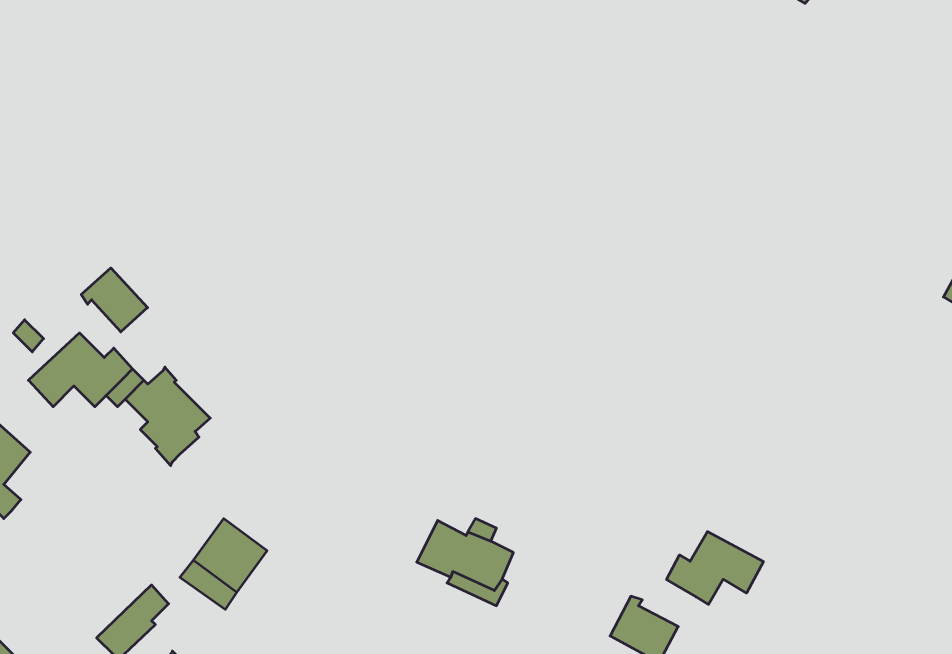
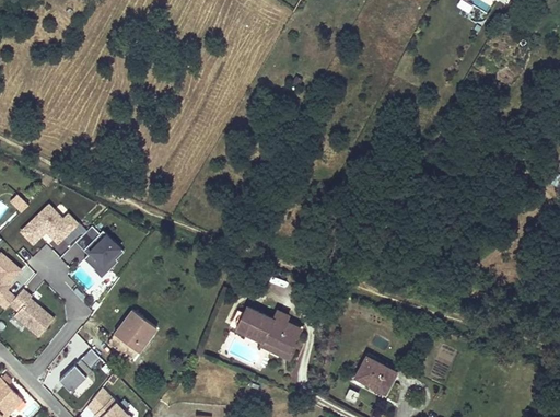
building: [81,268,148,332] -> none
building: none -> [9,290,54,338]
building: [667,532,763,604] -> none

